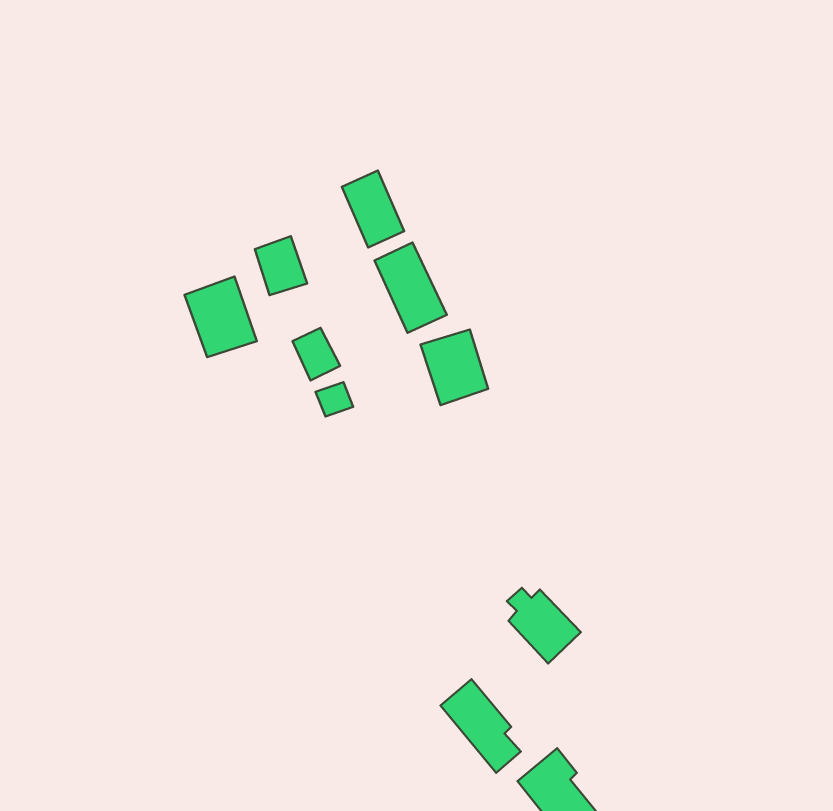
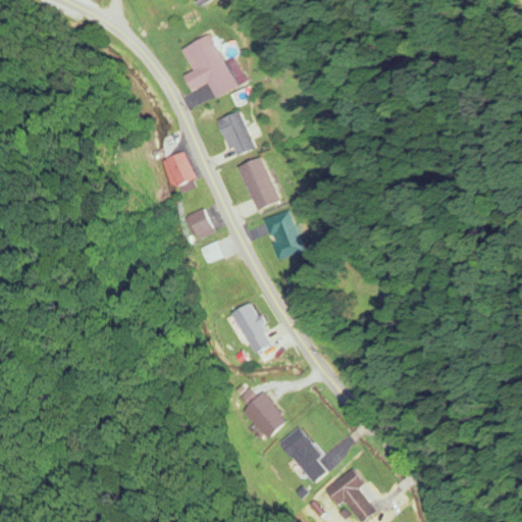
building: none -> [179,33,237,98]
building: [185,277,257,357] -> none
building: none -> [231,301,274,353]
building: [507,588,581,663] -> [241,390,286,437]

